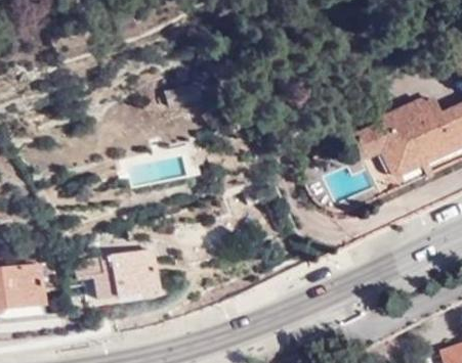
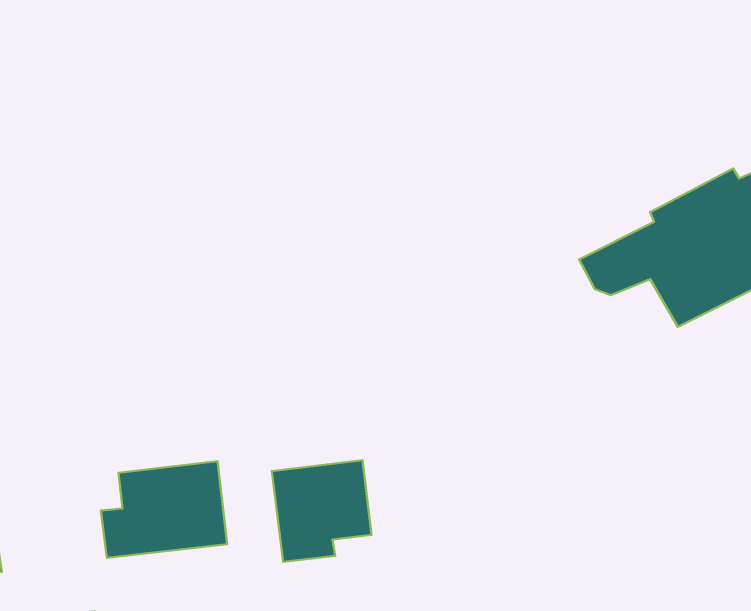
building: none -> [272,460,371,562]

